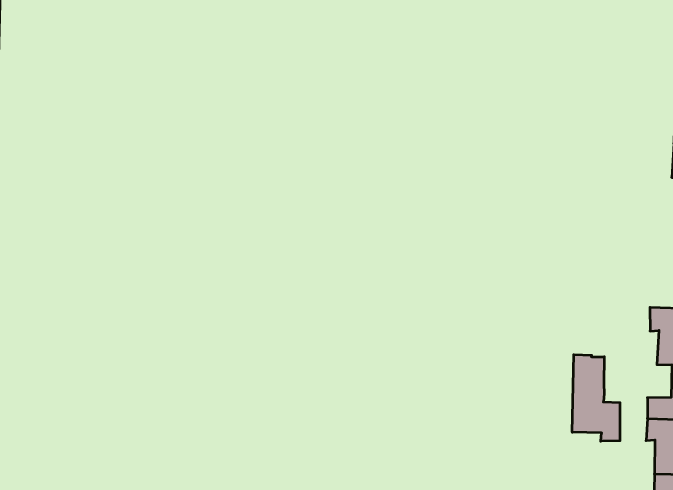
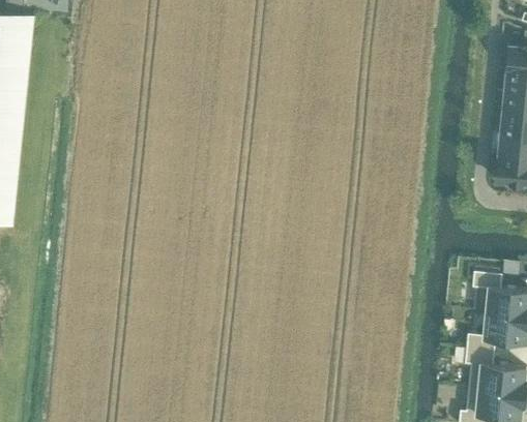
building: [572,355,620,441] -> none

